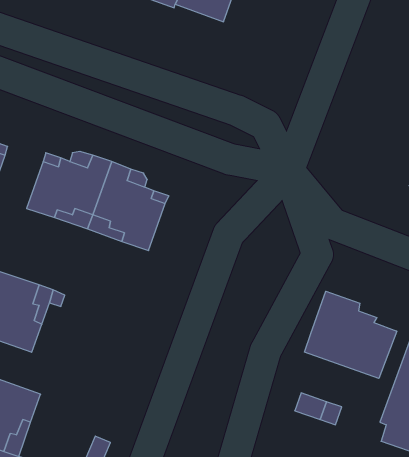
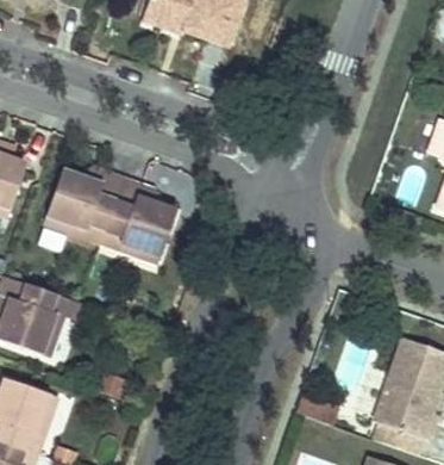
building: [305,291,397,378] -> none

